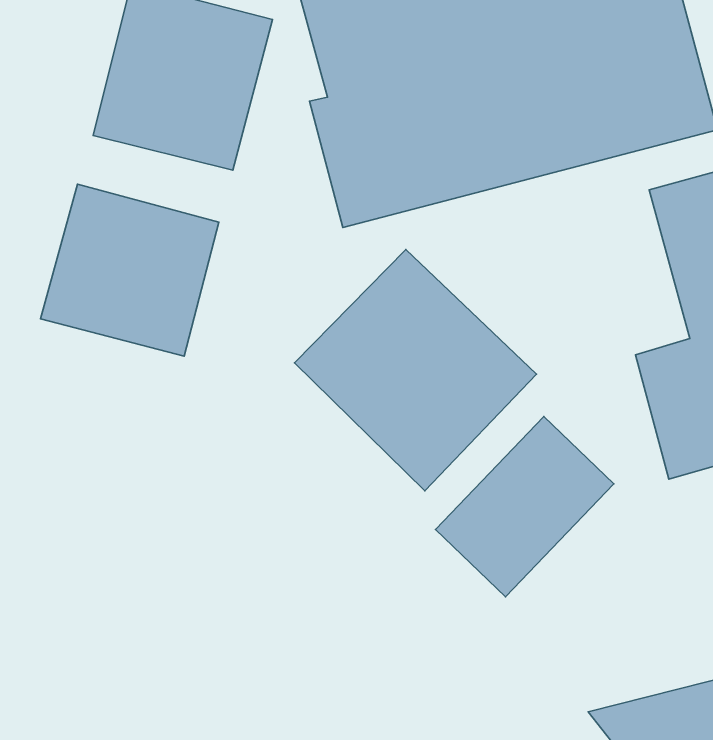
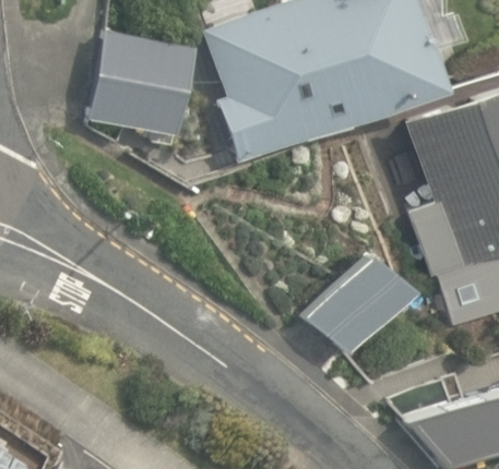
building: [41,184,219,356] -> none
building: [294,249,536,491] -> none

